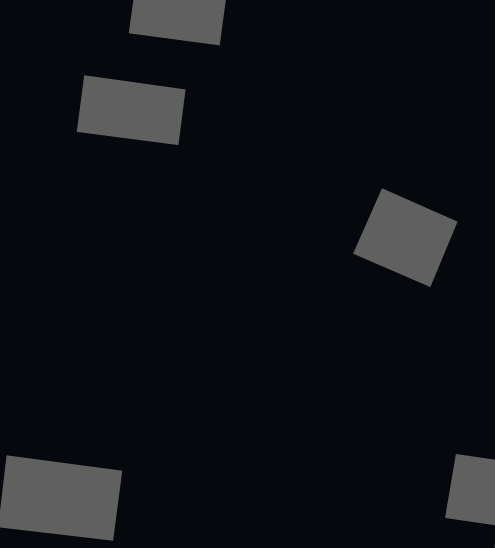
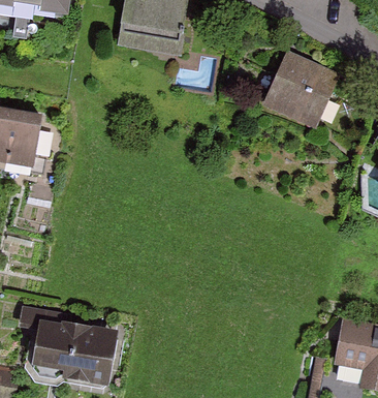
building: [76,74,186,146] -> none
building: [352,188,459,288] -> [267,54,339,121]

